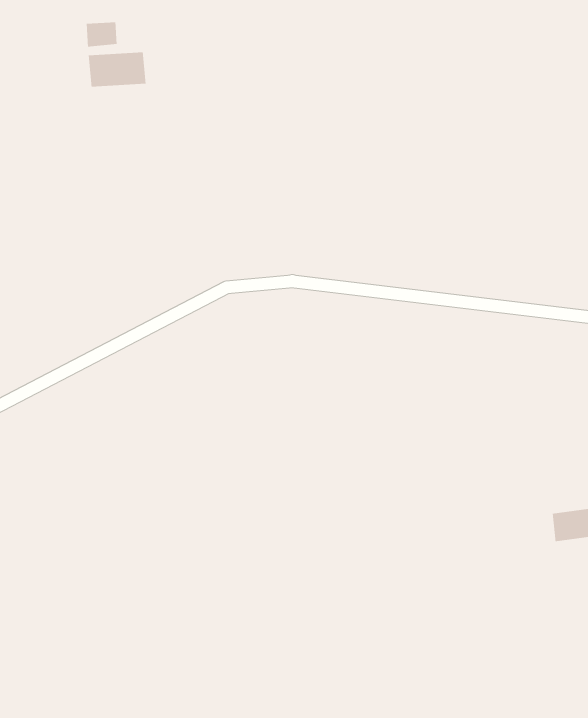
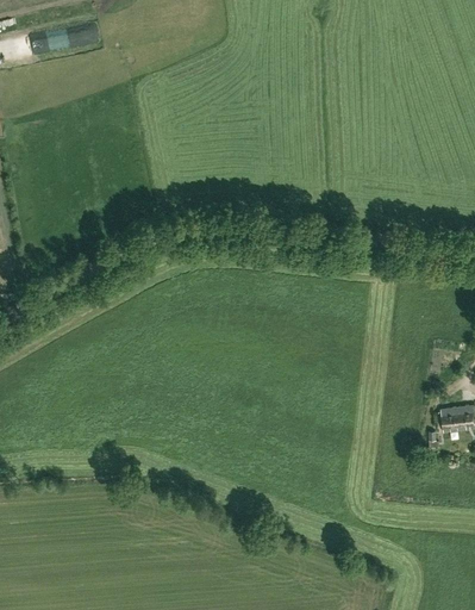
building: [88,51,147,88] -> none

